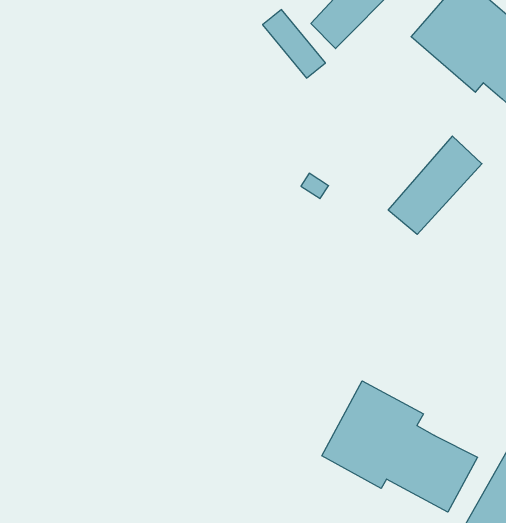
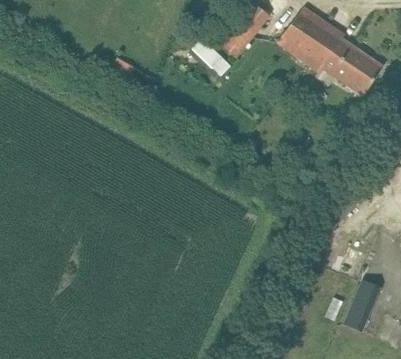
building: [388,136,482,234] -> none
building: [322,381,478,512] -> none

